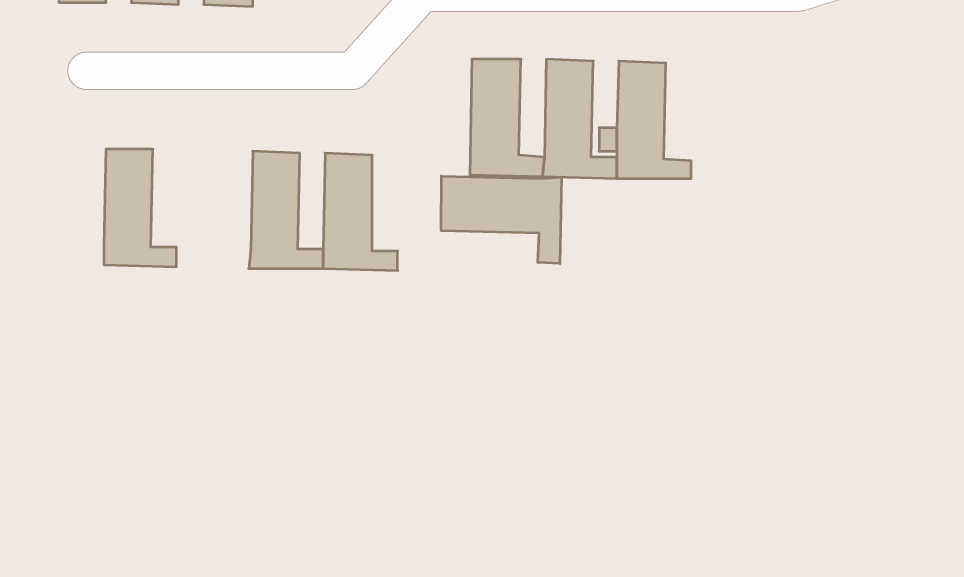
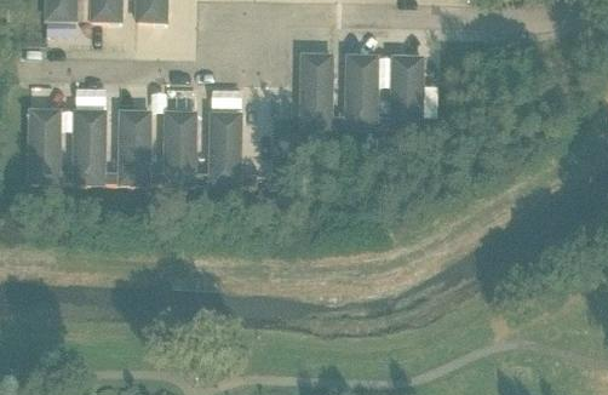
building: none -> [28,109,74,182]
building: none -> [119,111,165,184]
building: [441,176,561,264] -> none

